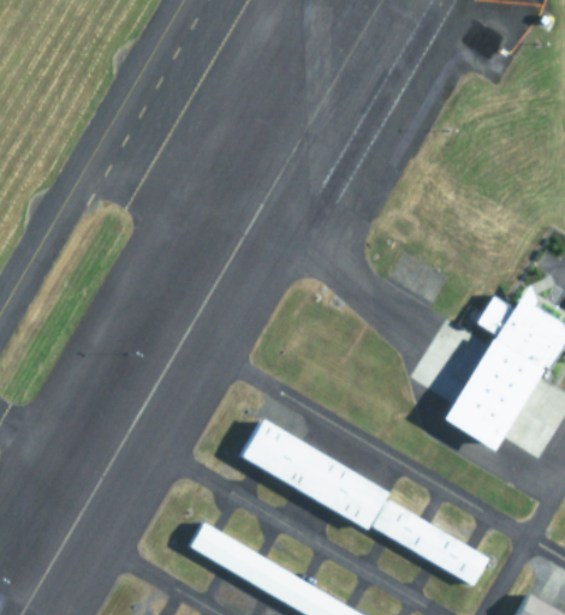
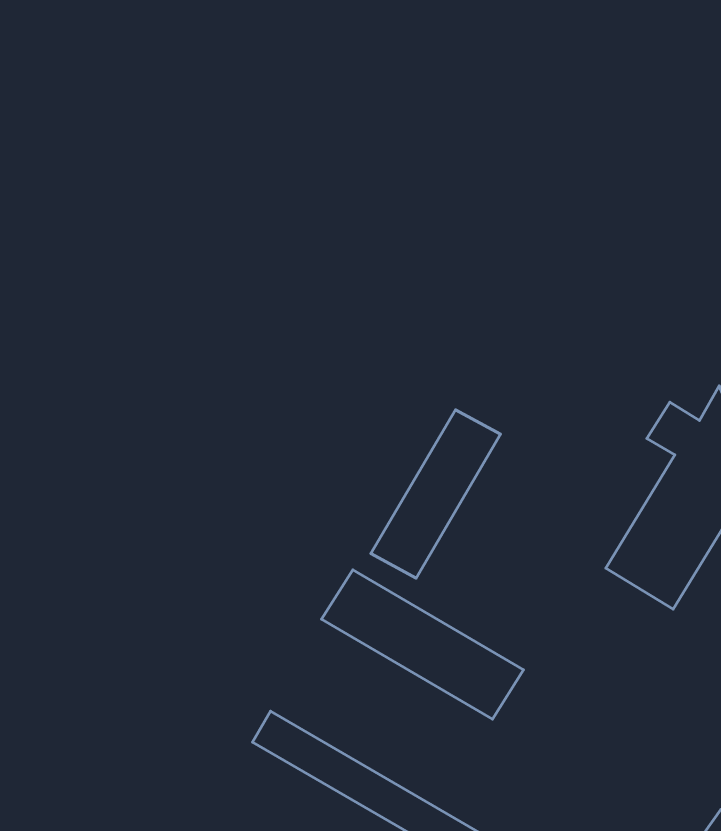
building: none -> [371,410,501,578]
building: [373,500,488,585] -> none

